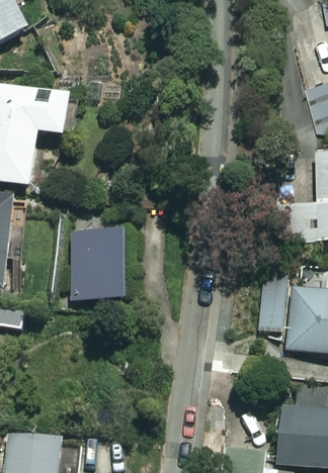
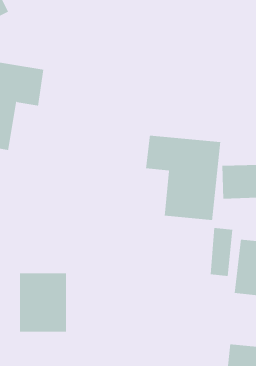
building: none -> [145,135,221,221]
building: [71,230,126,298] -> [19,273,67,332]

